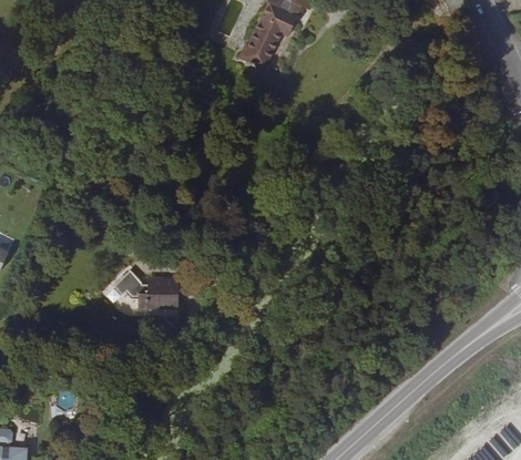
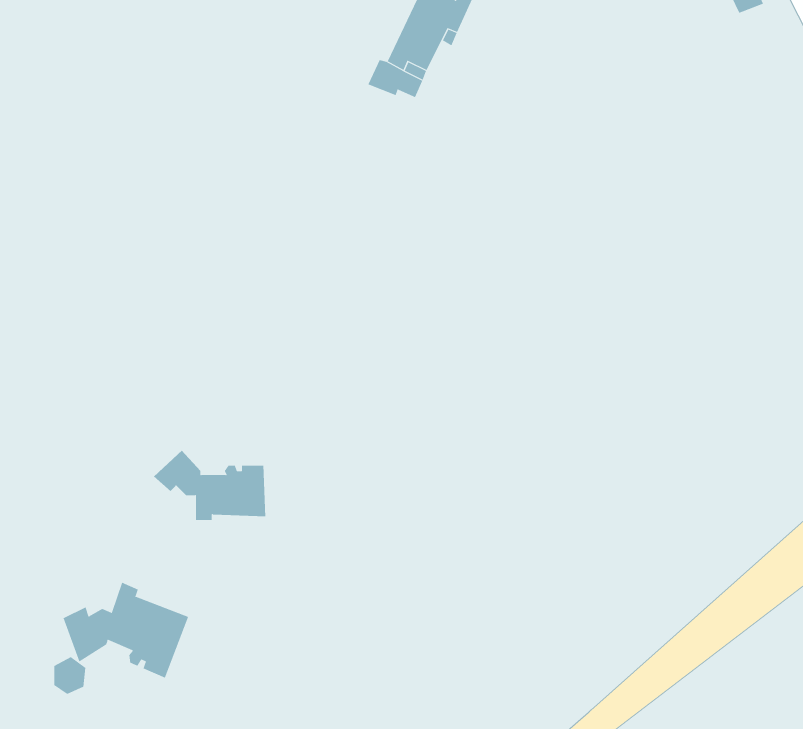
building: none -> [63,582,189,679]

